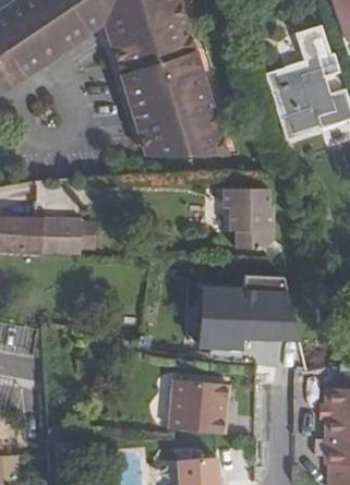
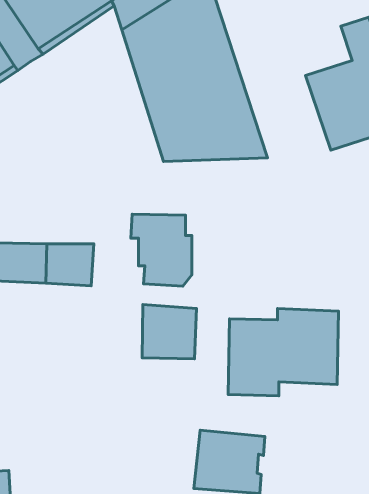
building: [221,186,274,248] -> [131,214,192,286]
building: none -> [142,304,196,359]

